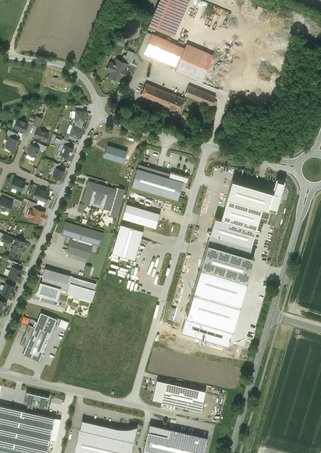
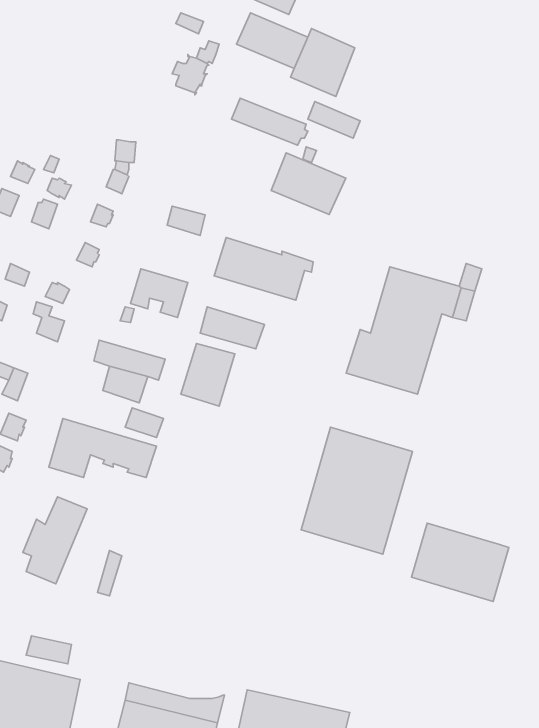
building: none -> [271,153,346,214]
building: [198,242,254,287] -> [412,523,509,602]
building: [152,380,205,411] -> none

